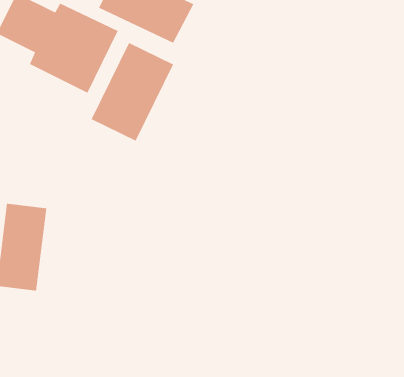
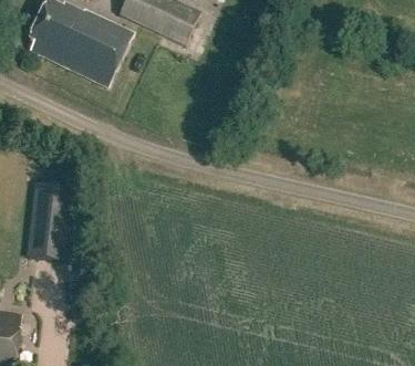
building: [91,42,174,141] -> none

